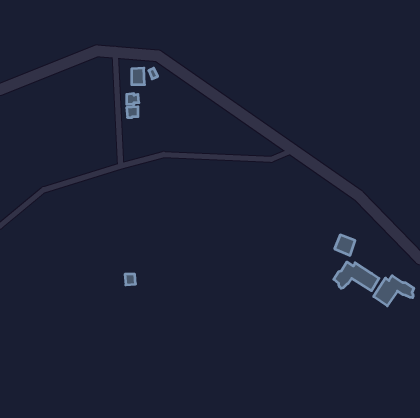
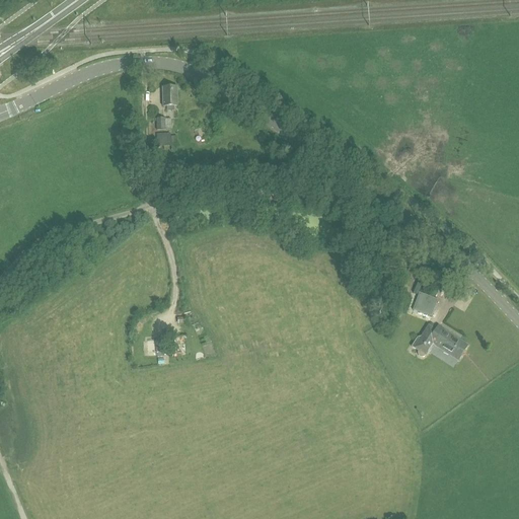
building: [374,276,414,306] -> none

